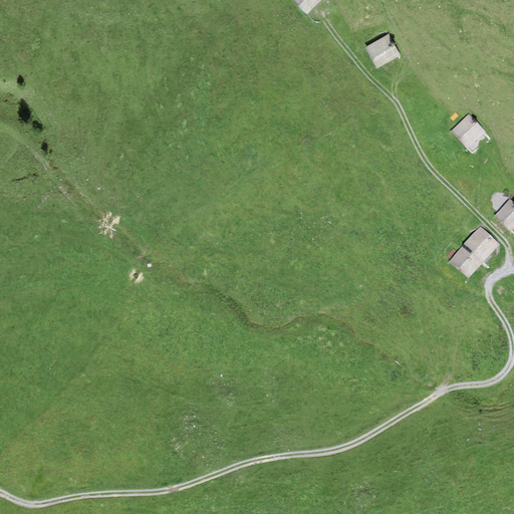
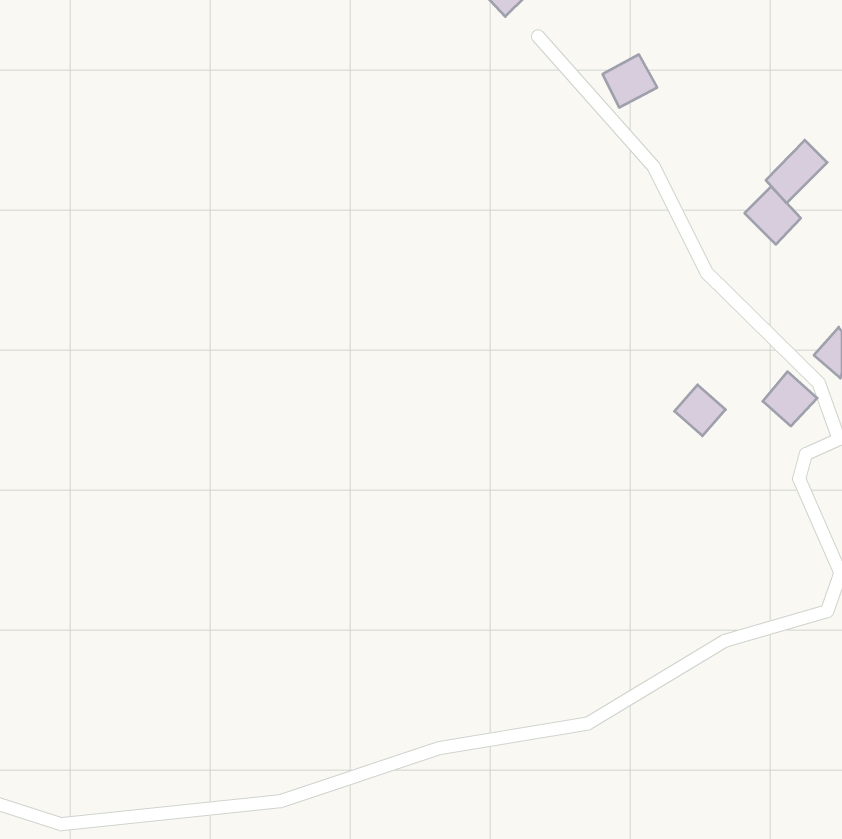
building: none -> [766,140,827,203]
building: [450,244,481,275] -> [674,385,726,436]

